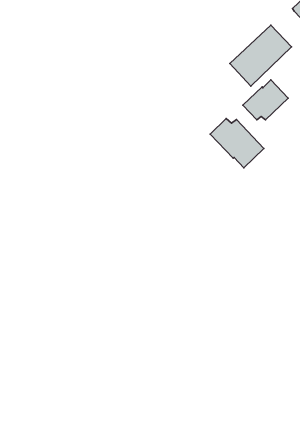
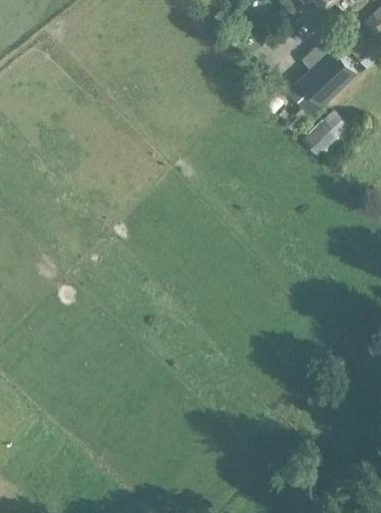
building: [210,118,264,168] -> none

